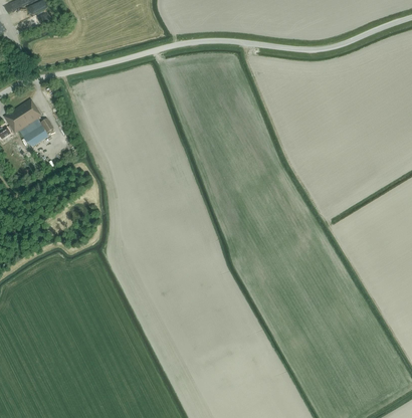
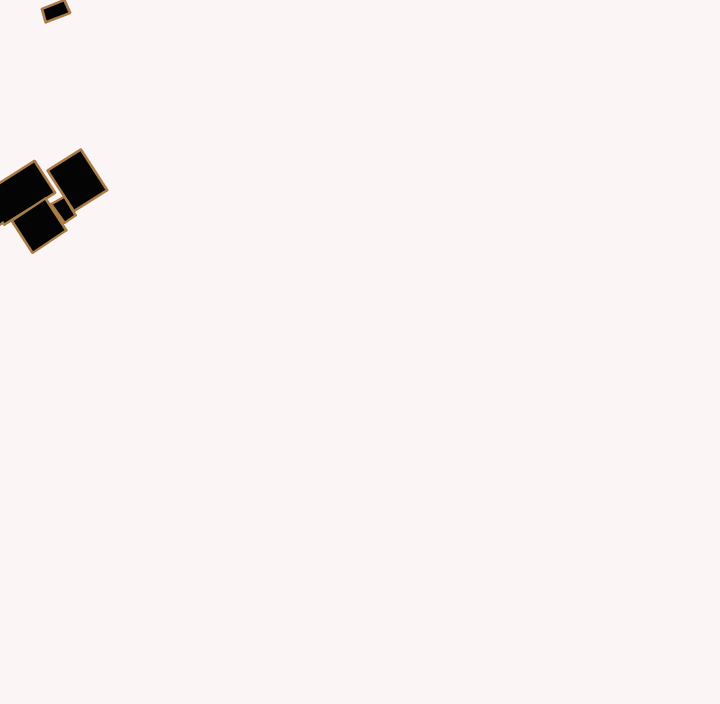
building: none -> [48,150,107,211]

